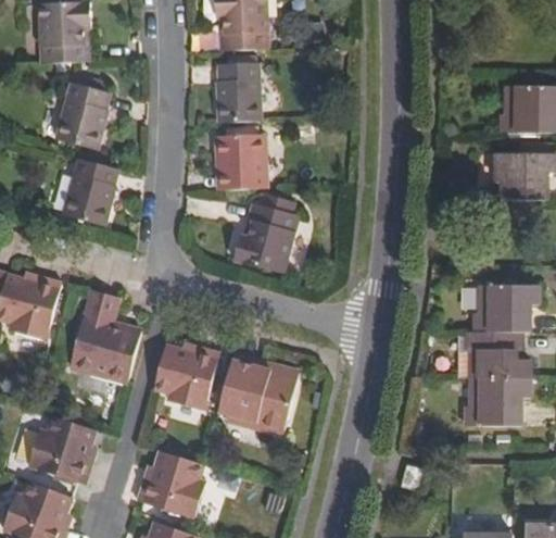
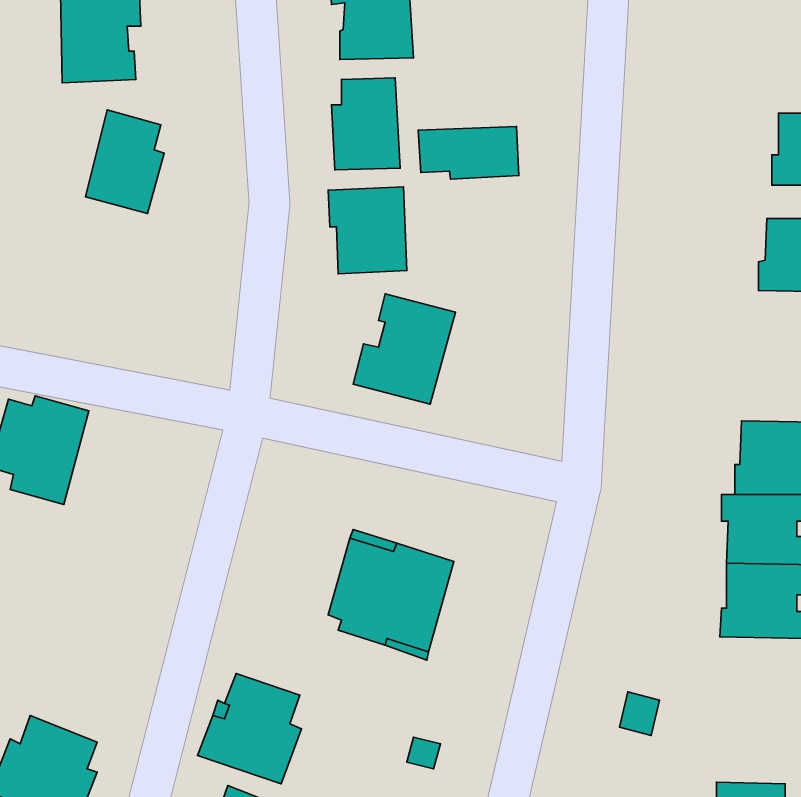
building: none -> [418,126,519,179]
building: [64,160,116,224] -> none
building: [66,286,138,378] -> none
building: [151,339,219,409] -> none
building: [24,414,92,483] -> none

